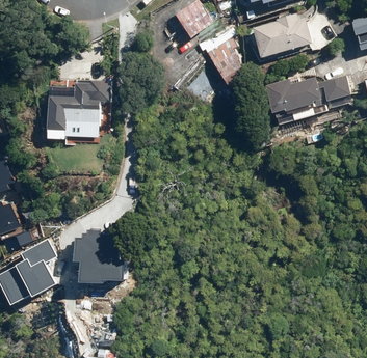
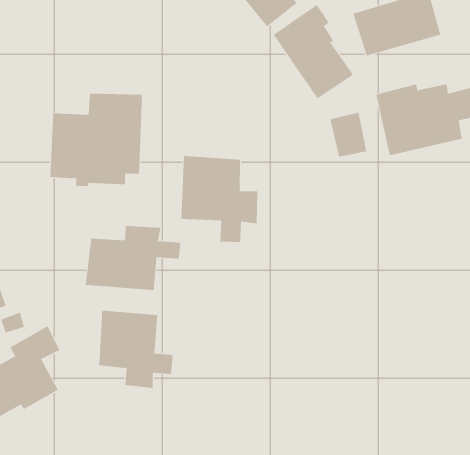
building: none -> [330,112,367,158]
building: none -> [181,155,258,243]
building: none -> [85,225,181,291]

